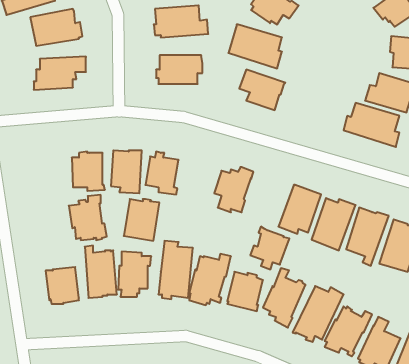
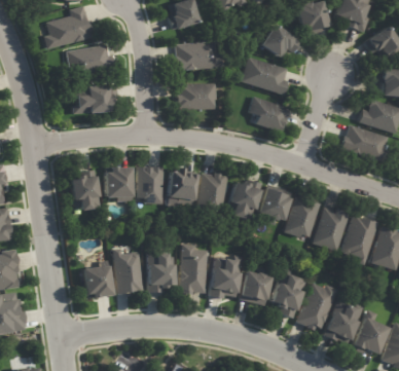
building: [69,195,107,240] -> [68,170,101,209]
building: [124,199,159,241] -> [197,173,228,209]
building: [250,227,289,269] -> [256,187,290,224]

